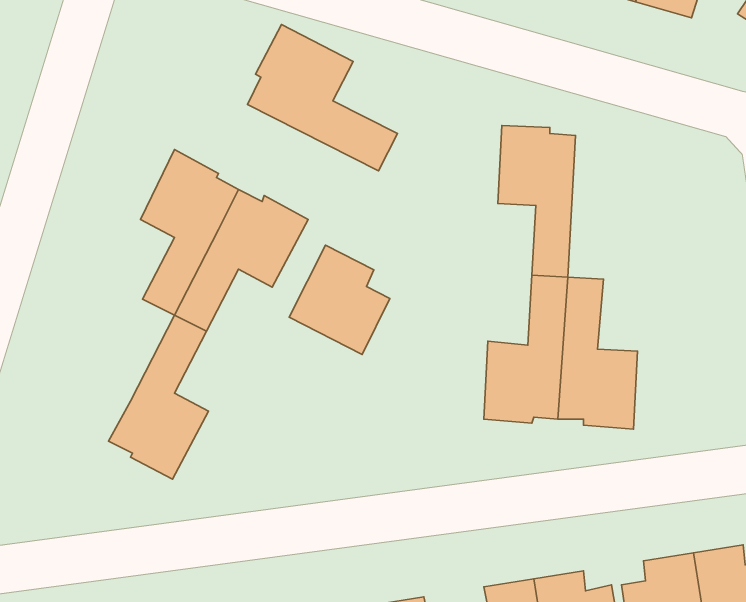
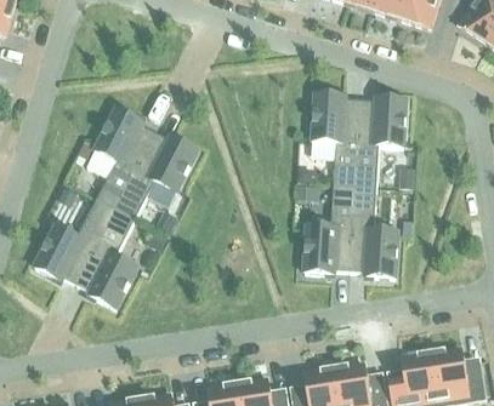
building: [248,25,397,171] -> none
building: none -> [356,96,407,185]
building: [289,245,390,354] -> none
building: none -> [35,198,117,284]

